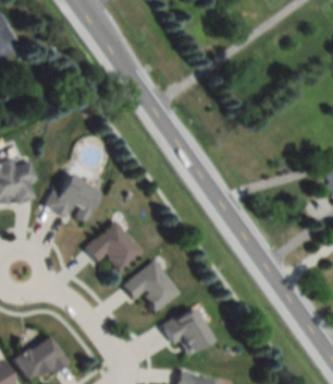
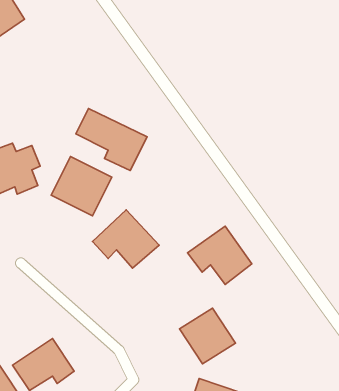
building: none -> [76,108,147,171]
building: [122,260,180,312] -> [188,226,252,284]

